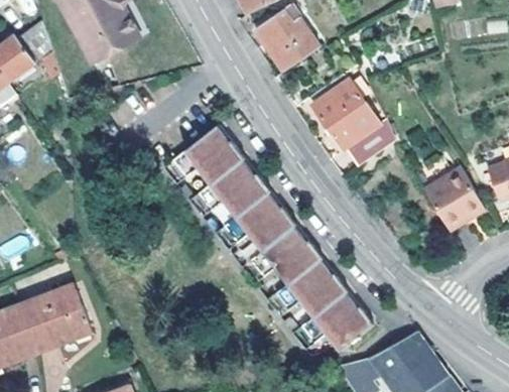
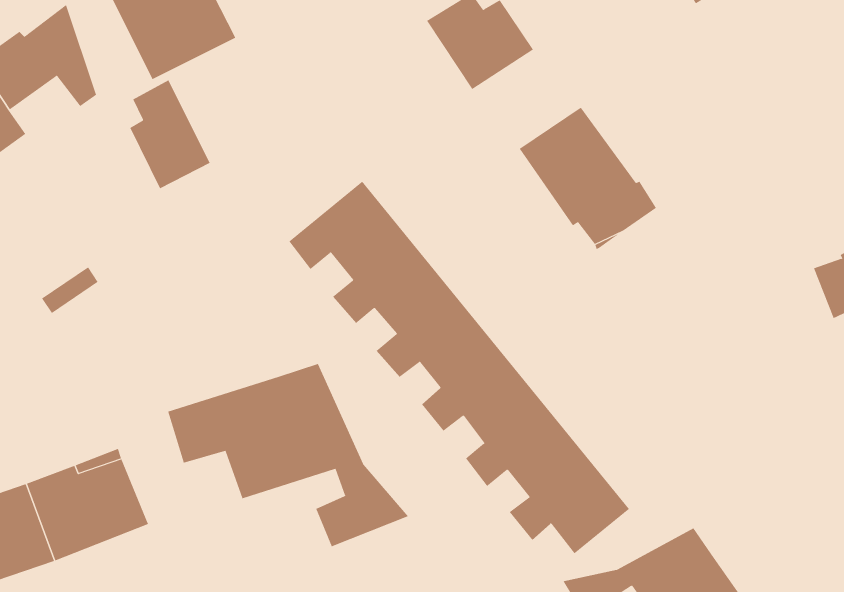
building: none -> [129,80,210,189]
building: [423,167,486,232] -> none
building: none -> [168,363,409,547]

